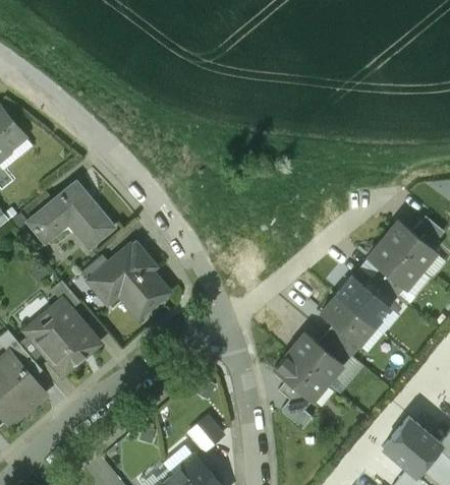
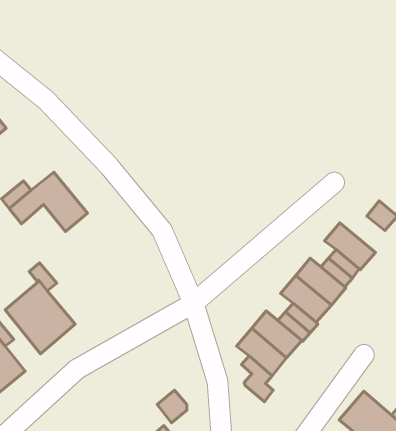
building: [383,221,436,270] -> none
building: [91,250,169,318] -> none

